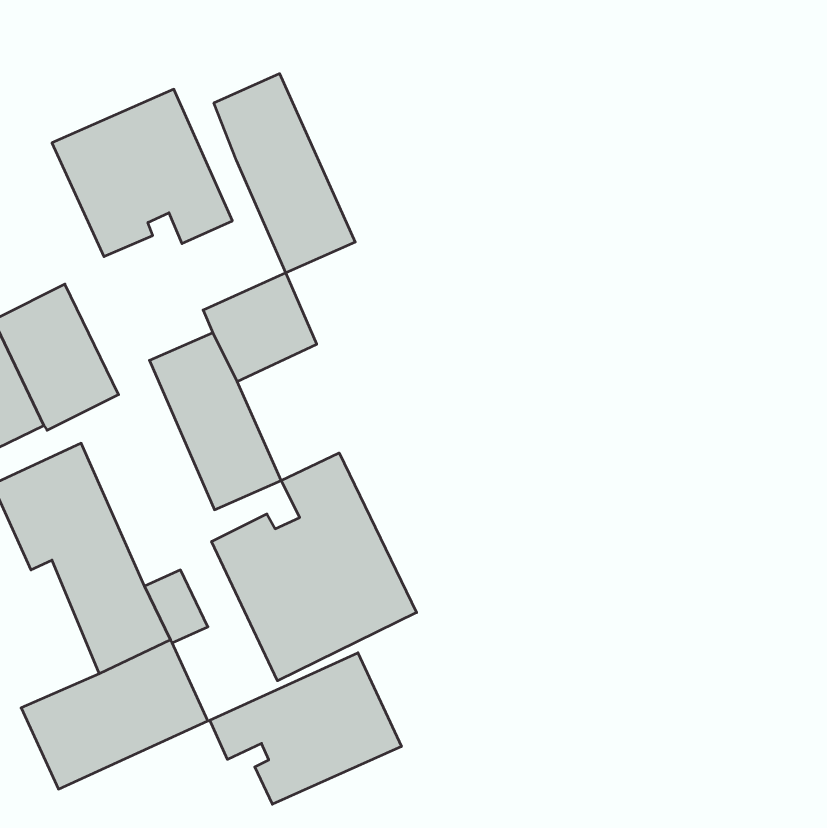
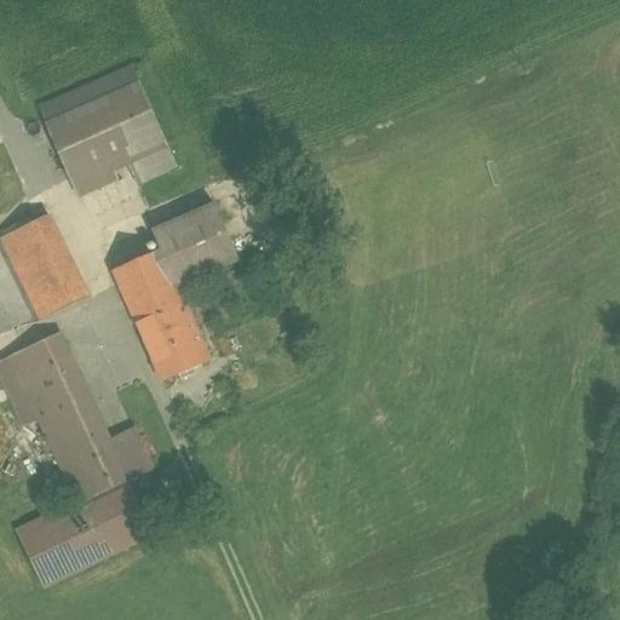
building: [214,74,355,273] -> none
building: [212,453,417,681] -> none
building: [210,653,401,804] -> none

